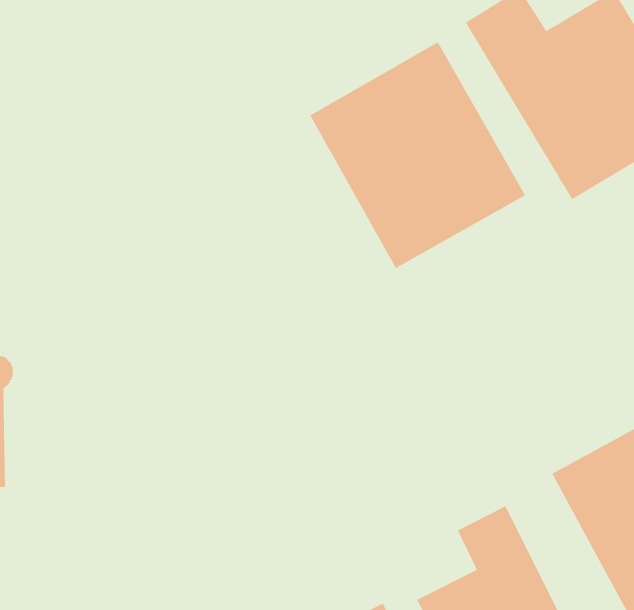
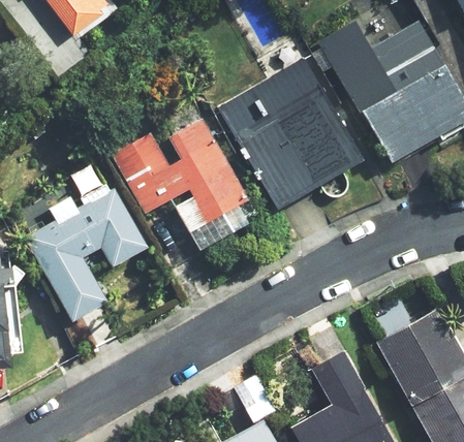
building: none -> [115,117,249,251]
building: none -> [27,191,147,323]

